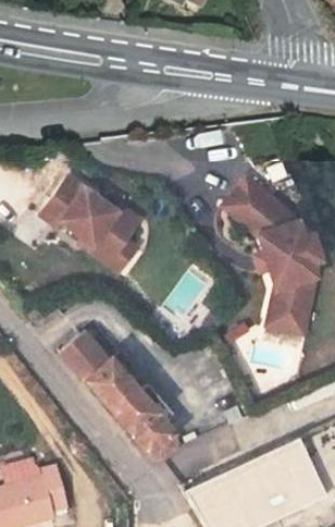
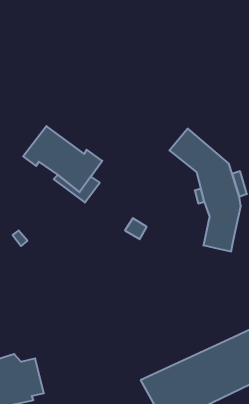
building: [60,328,179,459] -> none

